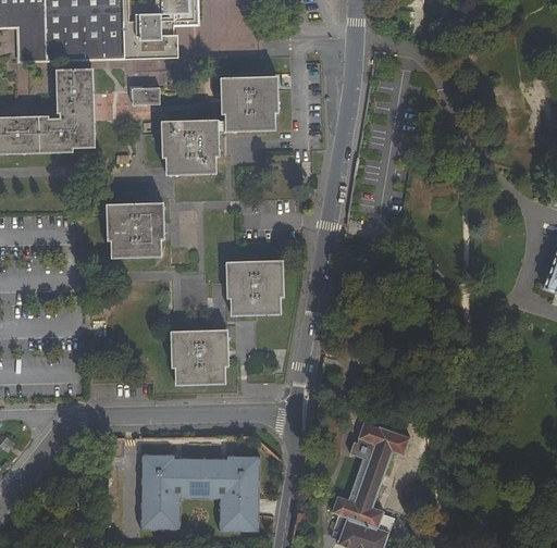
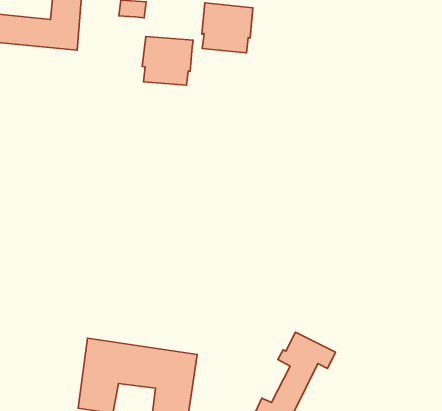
building: [109,204,162,257] -> none
building: [228,262,281,314] -> none
building: [173,332,226,384] -> none

